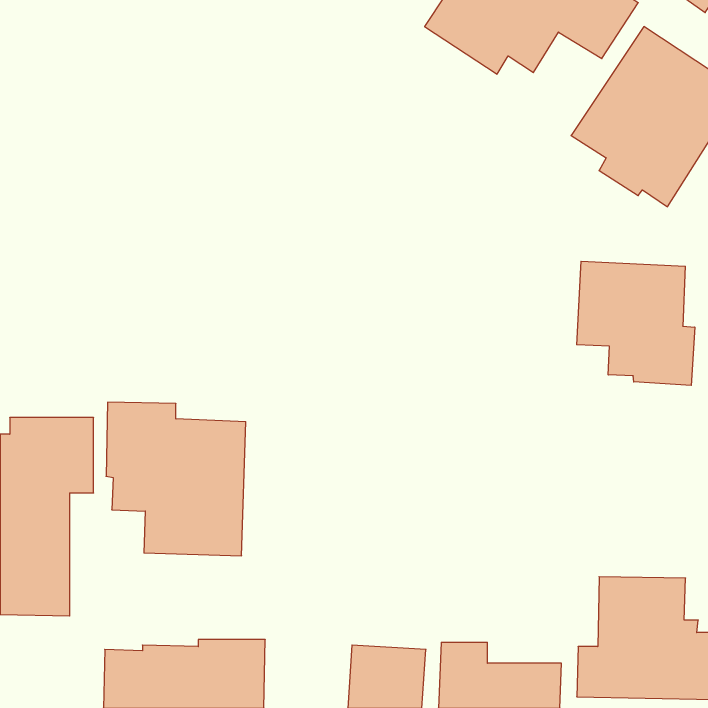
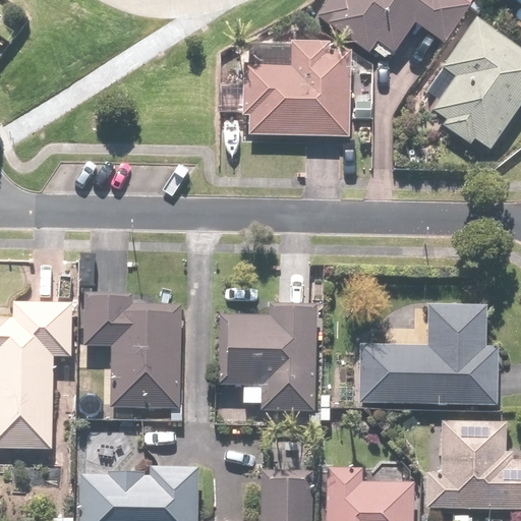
building: none -> [241,42,349,137]
building: [577,261,695,385] -> none
building: none -> [357,304,496,408]
building: none -> [223,309,319,410]

